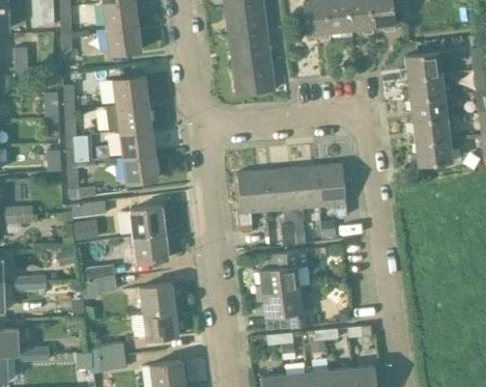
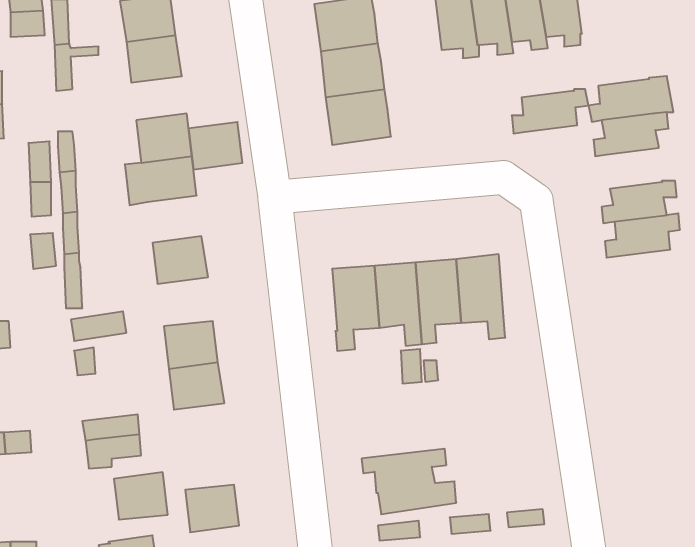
building: [405,95,454,123] -> [512,89,589,133]
building: [120,127,154,157] -> [189,122,242,170]
building: [255,250,307,294] -> none
building: [141,283,175,313] -> [114,472,168,520]

